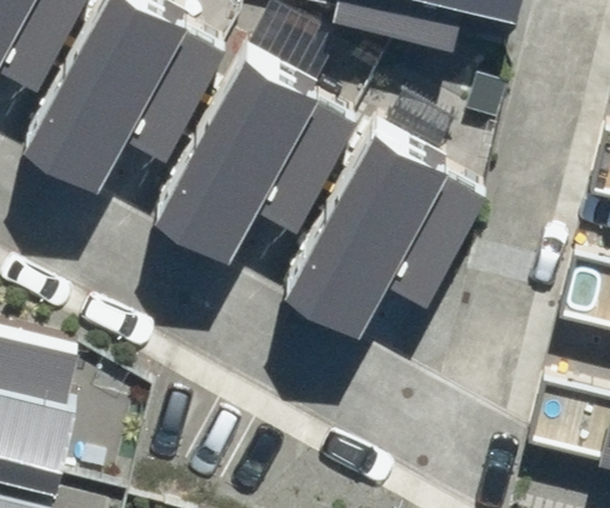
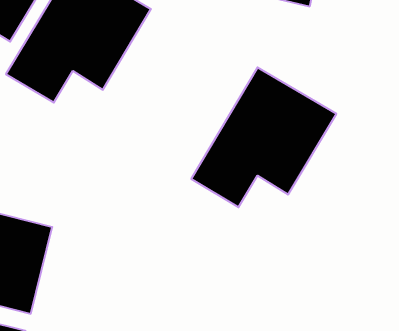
building: [150,36,355,233] -> none

